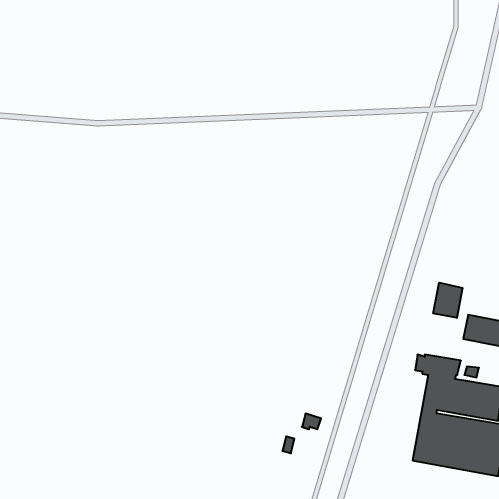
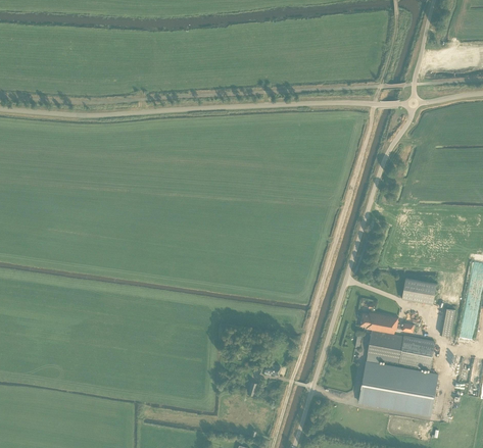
building: [433,283,463,318] -> none

